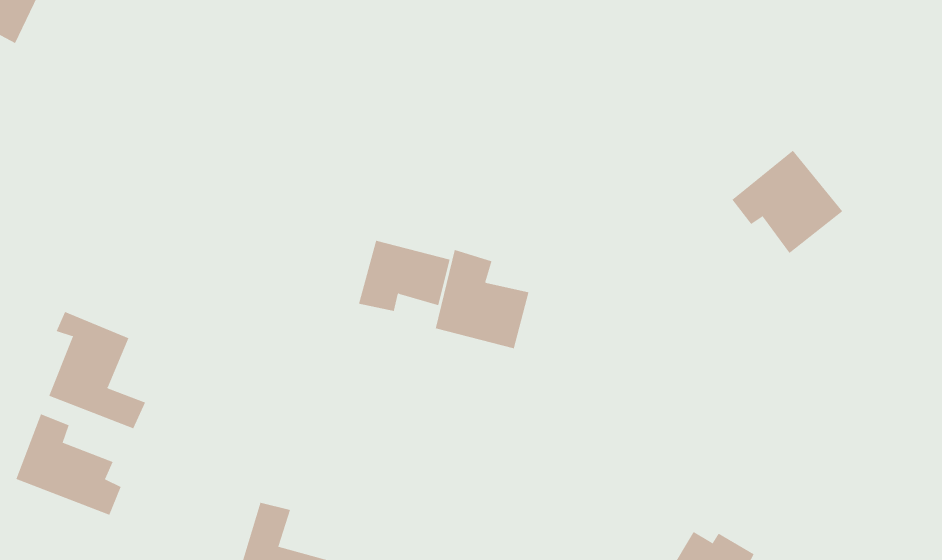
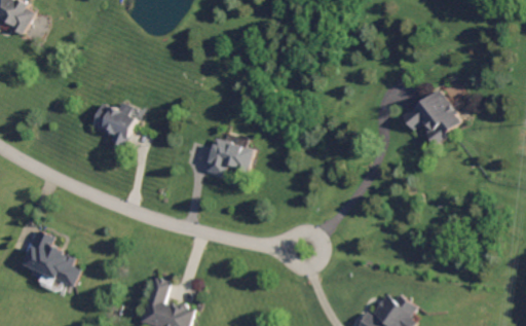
building: none -> [89,101,140,147]
building: [435,249,529,349] -> none
building: [49,311,146,429] -> none

